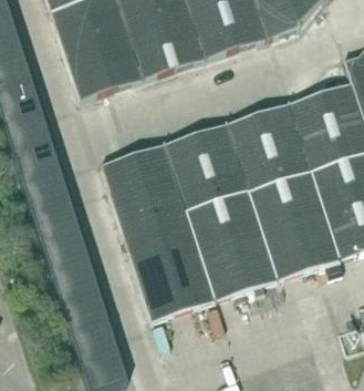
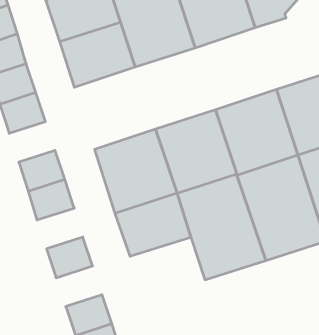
building: [12,137,60,179] -> none
building: [41,227,89,269] -> none
building: [137,257,215,322] -> none
building: [61,287,108,329] -> none

